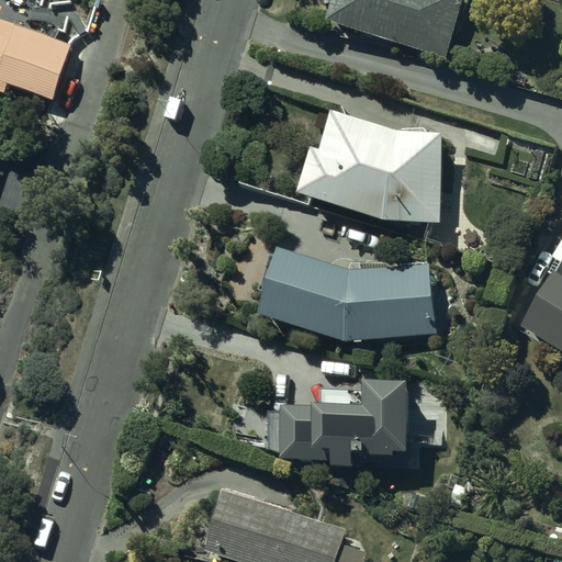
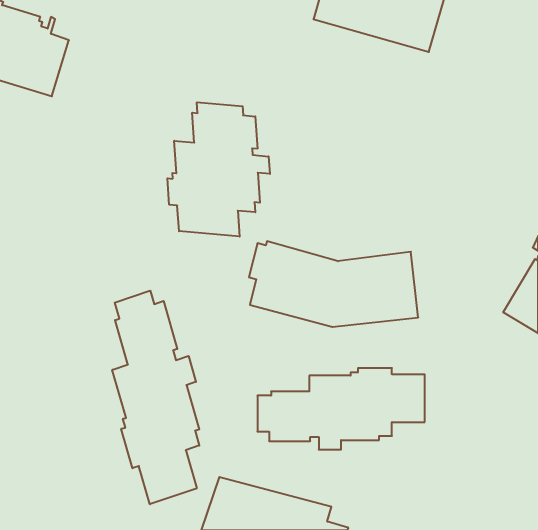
building: none -> [167,102,270,237]
building: [297,114,441,221] -> none
building: none -> [112,291,199,504]

